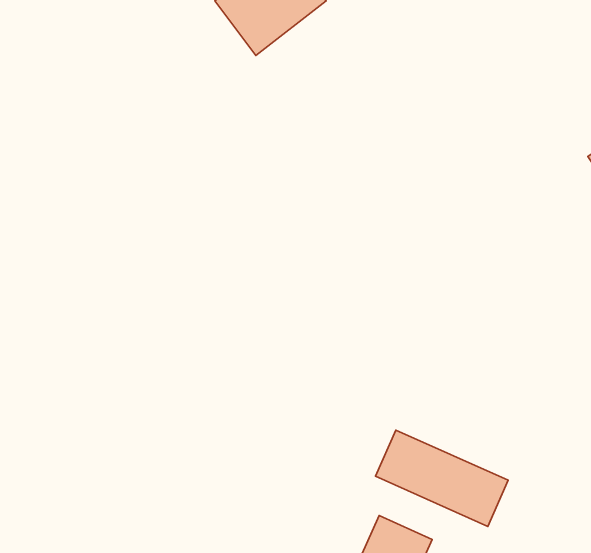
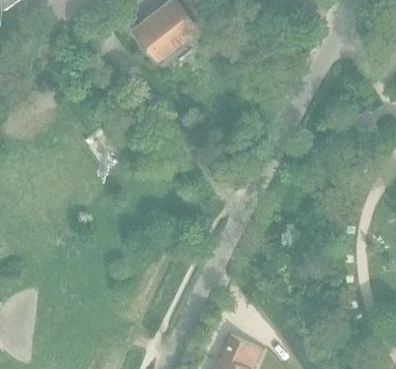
building: [375,430,508,526] -> none

